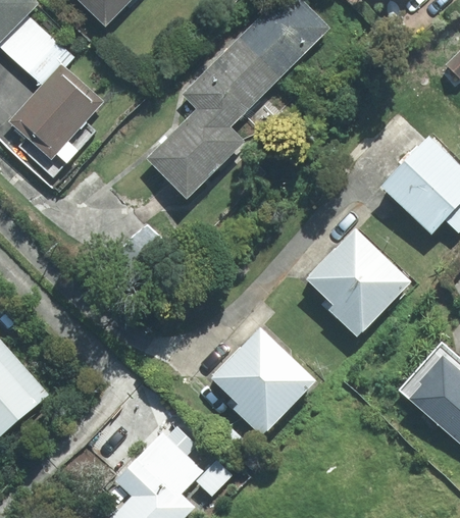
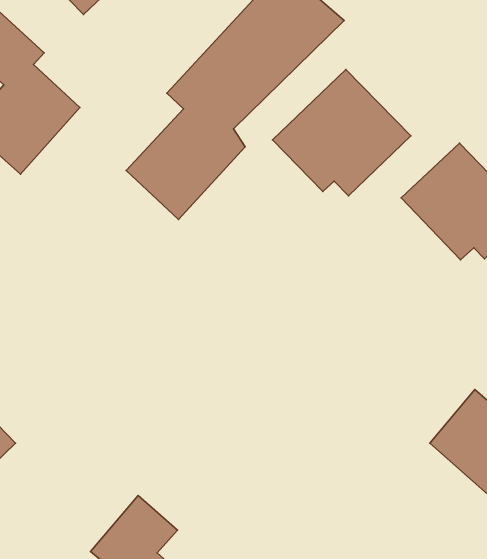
building: none -> [272,70,411,196]
building: [302,224,410,331] -> none
building: [210,326,317,433] -> none

